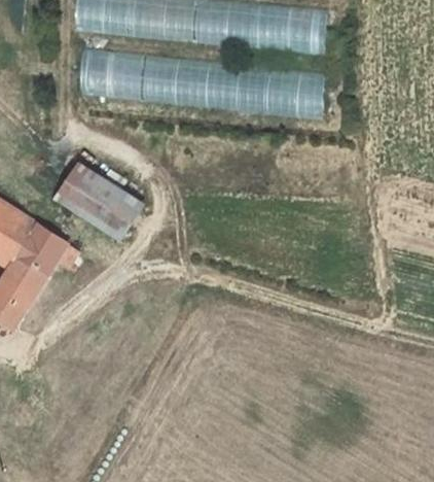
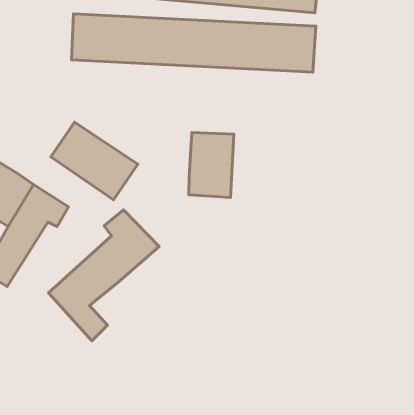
building: none -> [189,132,234,197]
building: none -> [49,210,159,341]

